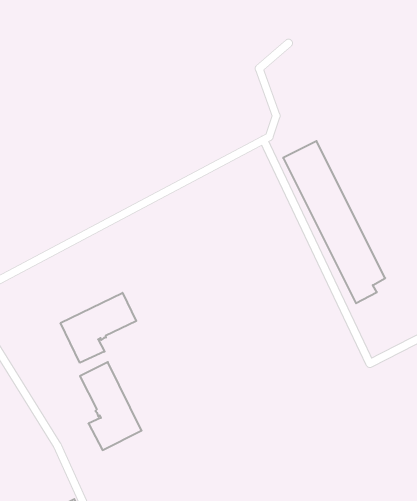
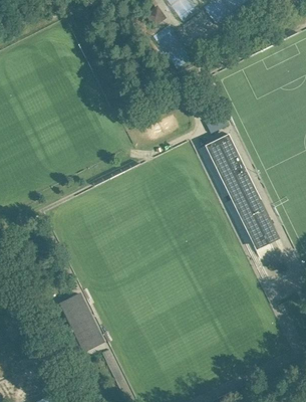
building: [61,293,136,363] -> none

